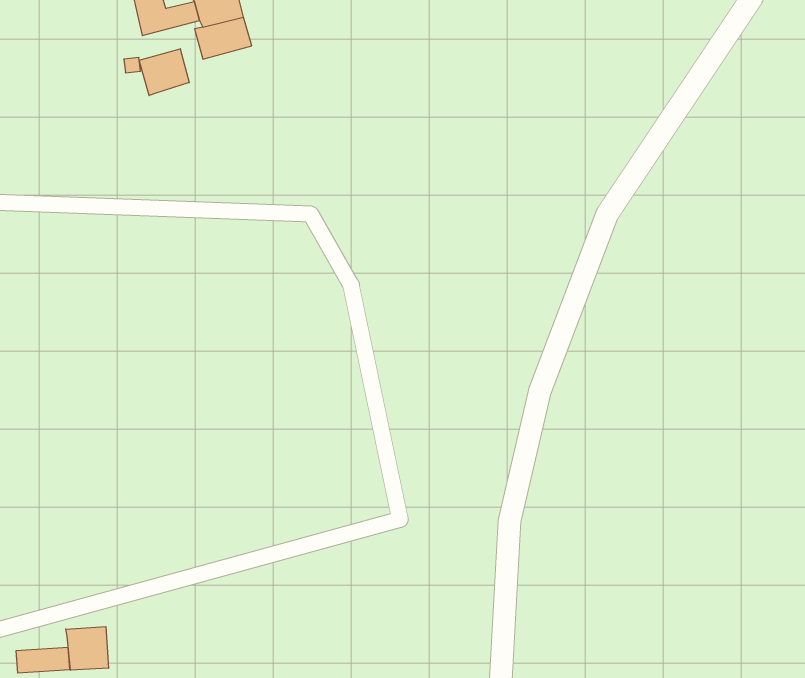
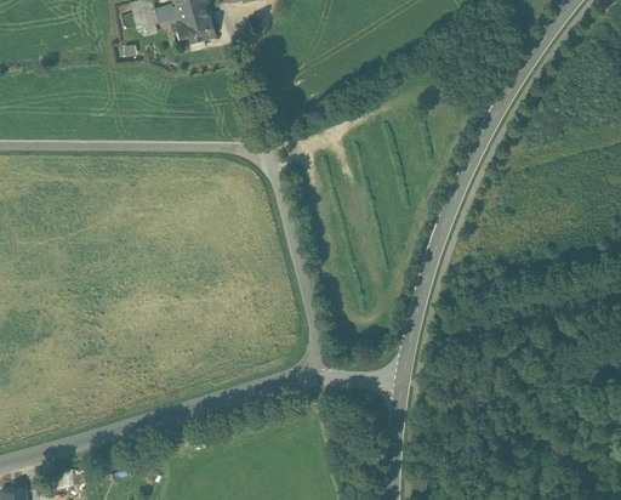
building: [139,49,189,96] -> none
building: [66,627,109,670] -> none

